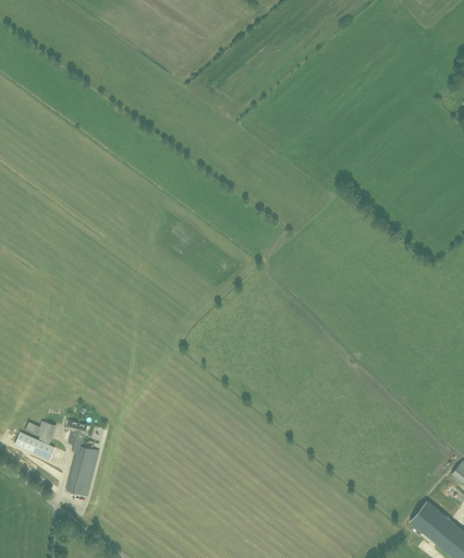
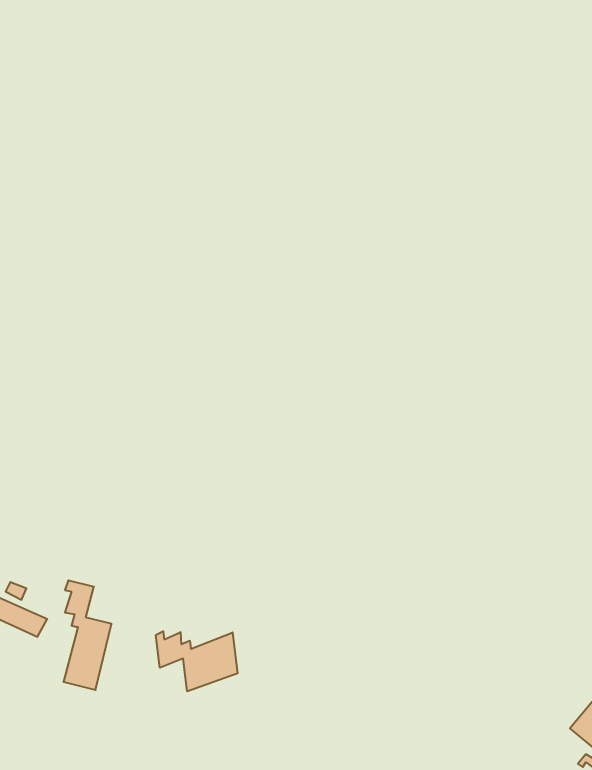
building: none -> [156,631,238,691]

